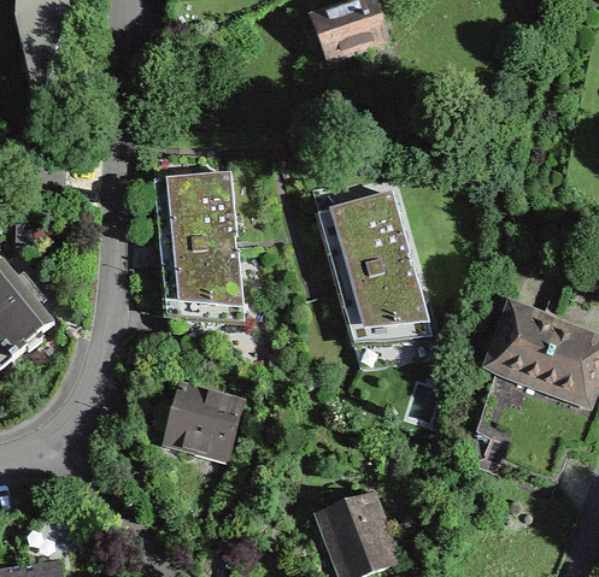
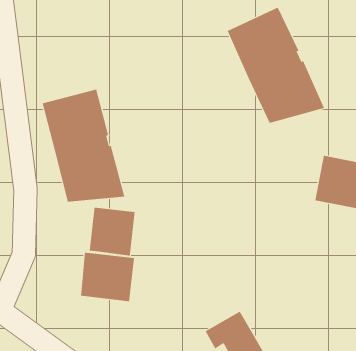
building: [319,190,431,341] -> [227,7,325,123]
building: none -> [89,207,135,257]

